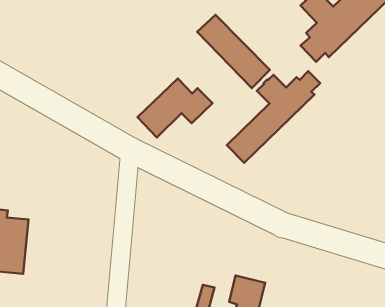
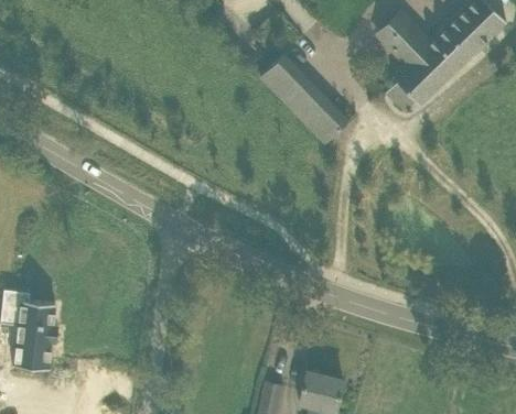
building: [227,71,320,163] -> none
building: [138,78,212,137] -> none

